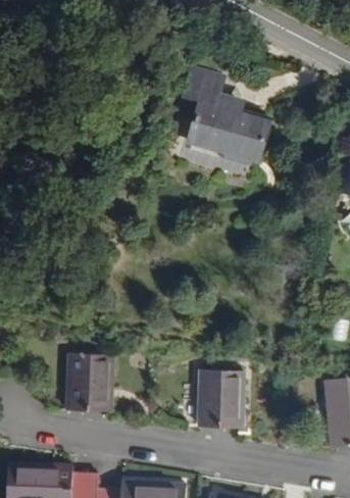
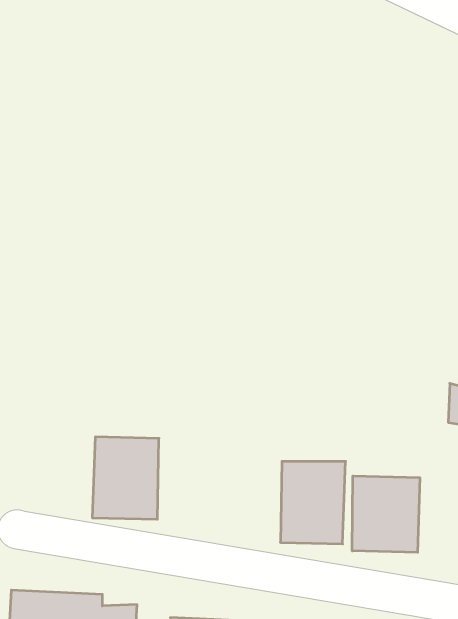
building: [183,68,270,161] -> none
building: none -> [352,476,420,552]

